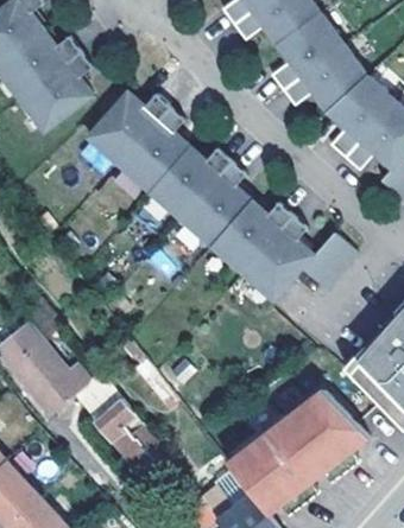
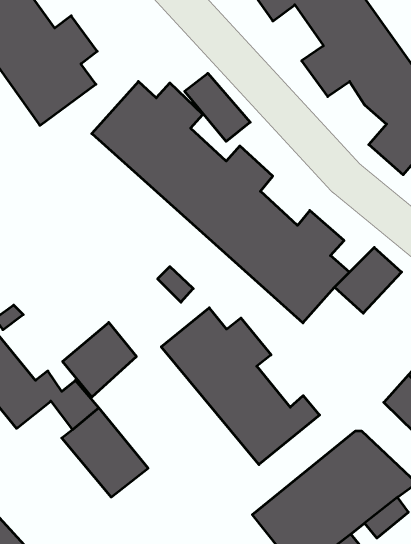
building: none -> [185,73,250,141]
building: none -> [161,308,320,465]
building: none -> [63,322,136,397]

